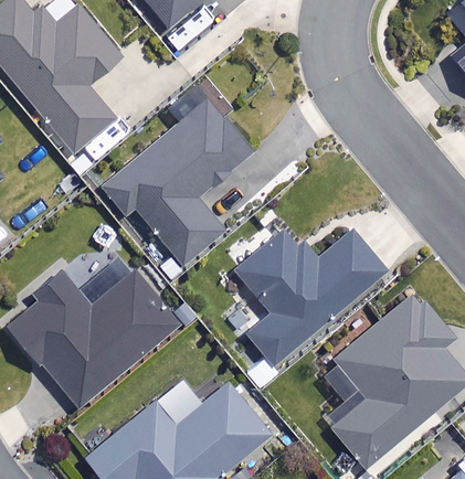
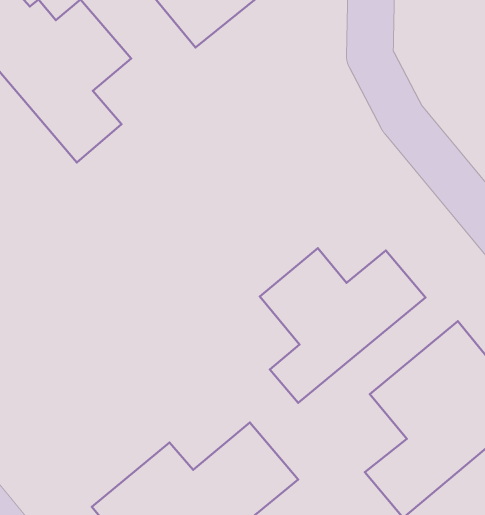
building: [107,100,253,265] -> none
building: [10,238,177,406] -> none

